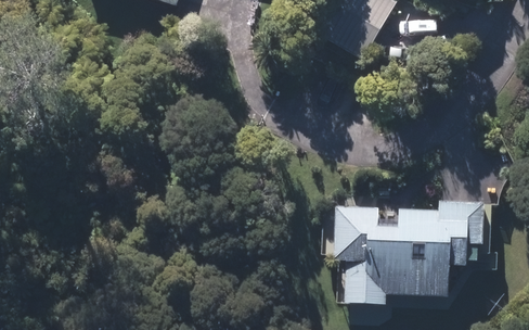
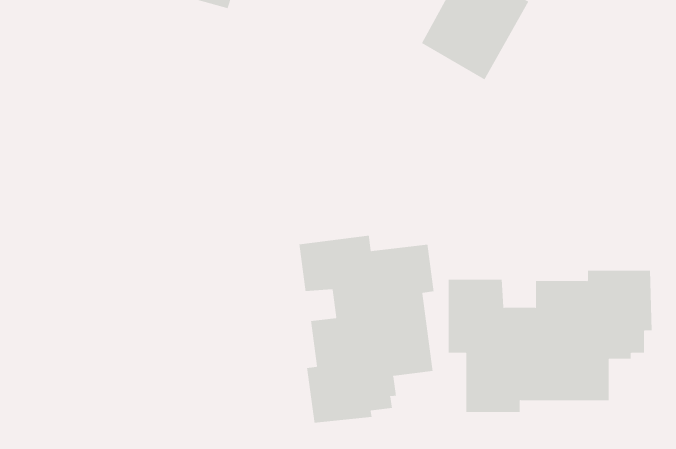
building: none -> [299,235,434,423]

